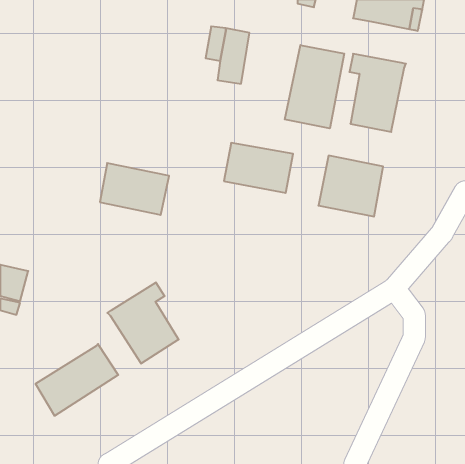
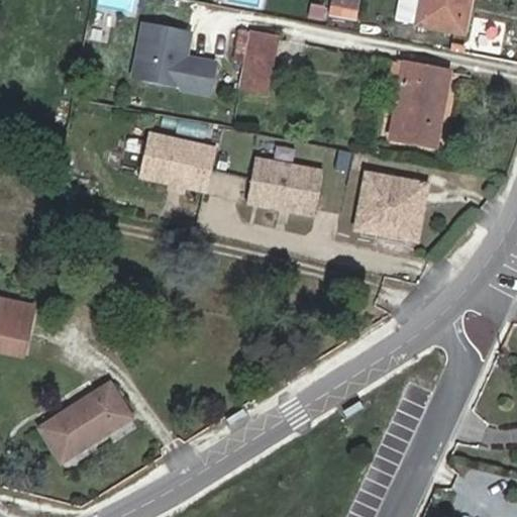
building: none -> [129,20,218,92]
building: [285,45,344,128] -> none
building: [100,163,169,215] -> [141,133,218,191]
building: [107,282,179,364] -> none

